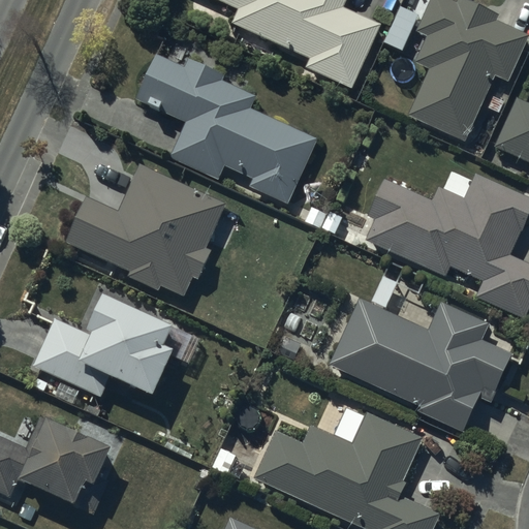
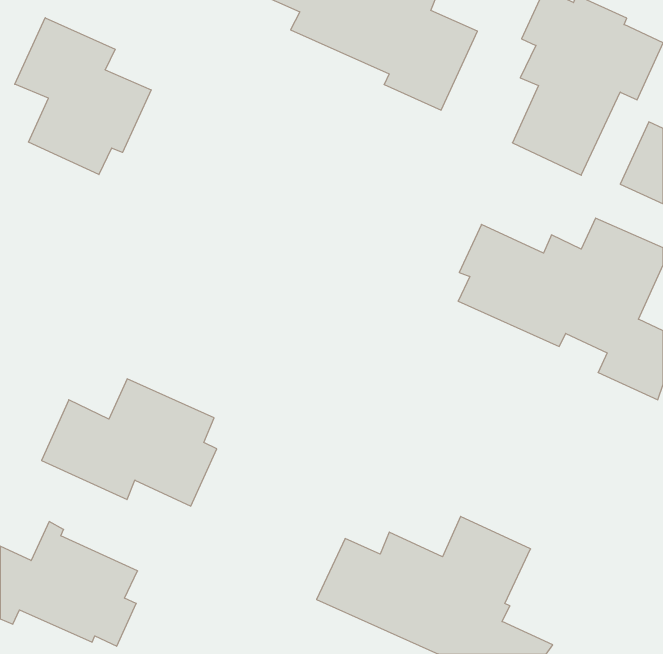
building: none -> [15,18,151,175]
building: [135,54,316,203] -> none
building: [65,165,225,297] -> none
building: [328,298,514,432] -> none

